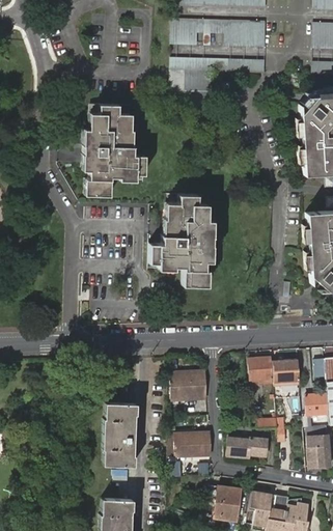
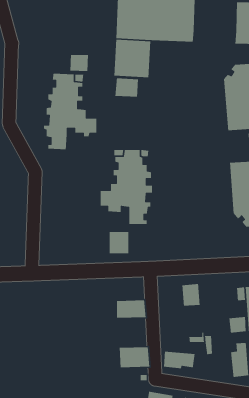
building: none -> [69,54,89,72]
building: none -> [114,78,139,98]
building: none -> [109,231,129,254]
building: [273,359,300,386] -> none
building: [108,404,135,468] -> none

